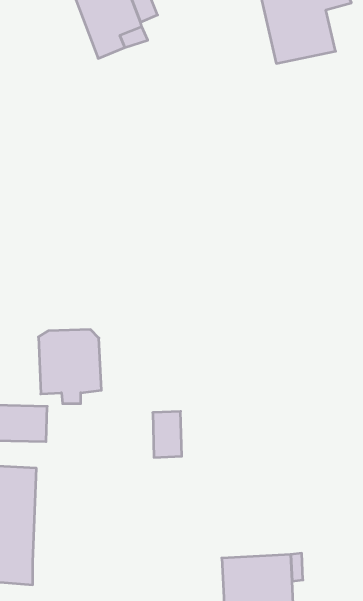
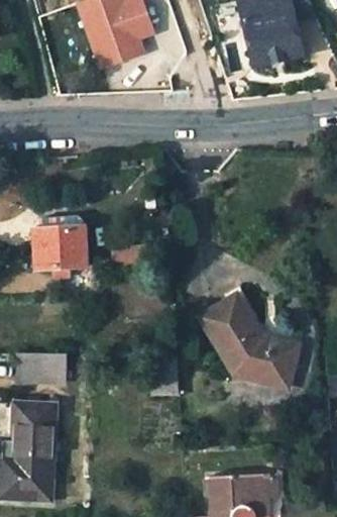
building: [38,330,101,404] -> [33,217,86,279]
building: none -> [201,297,297,389]

